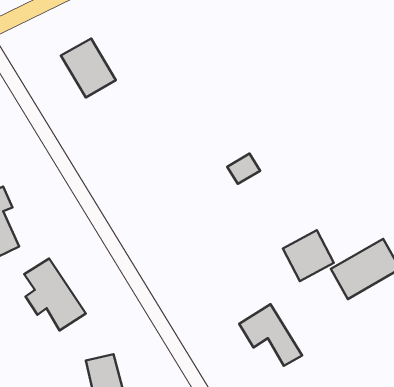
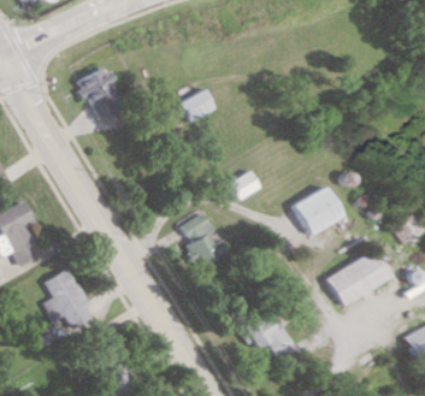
building: none -> [182,89,218,120]
building: none -> [181,211,228,268]
building: [283,230,334,281] -> [295,187,342,234]

